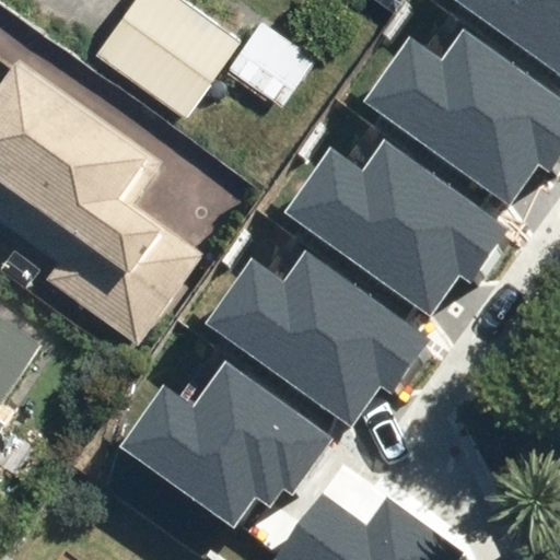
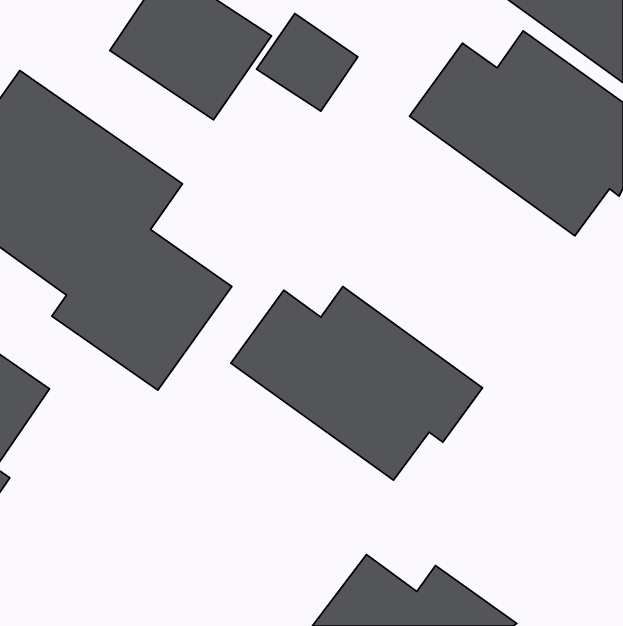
building: [283,138,510,315] -> none
building: [120,360,332,529] -> none

